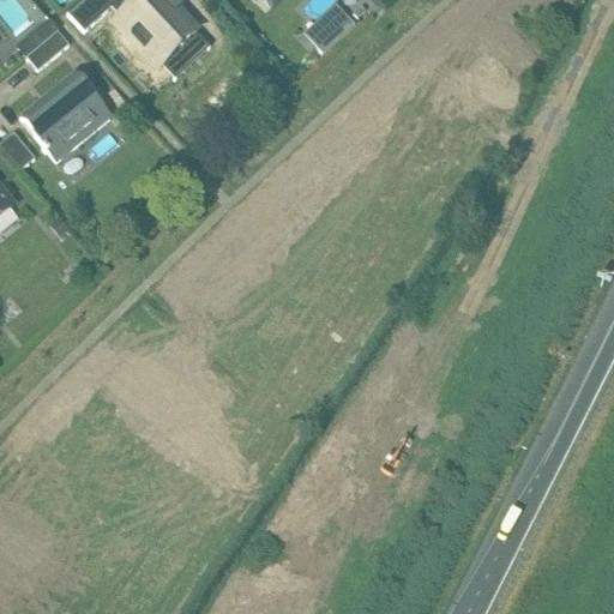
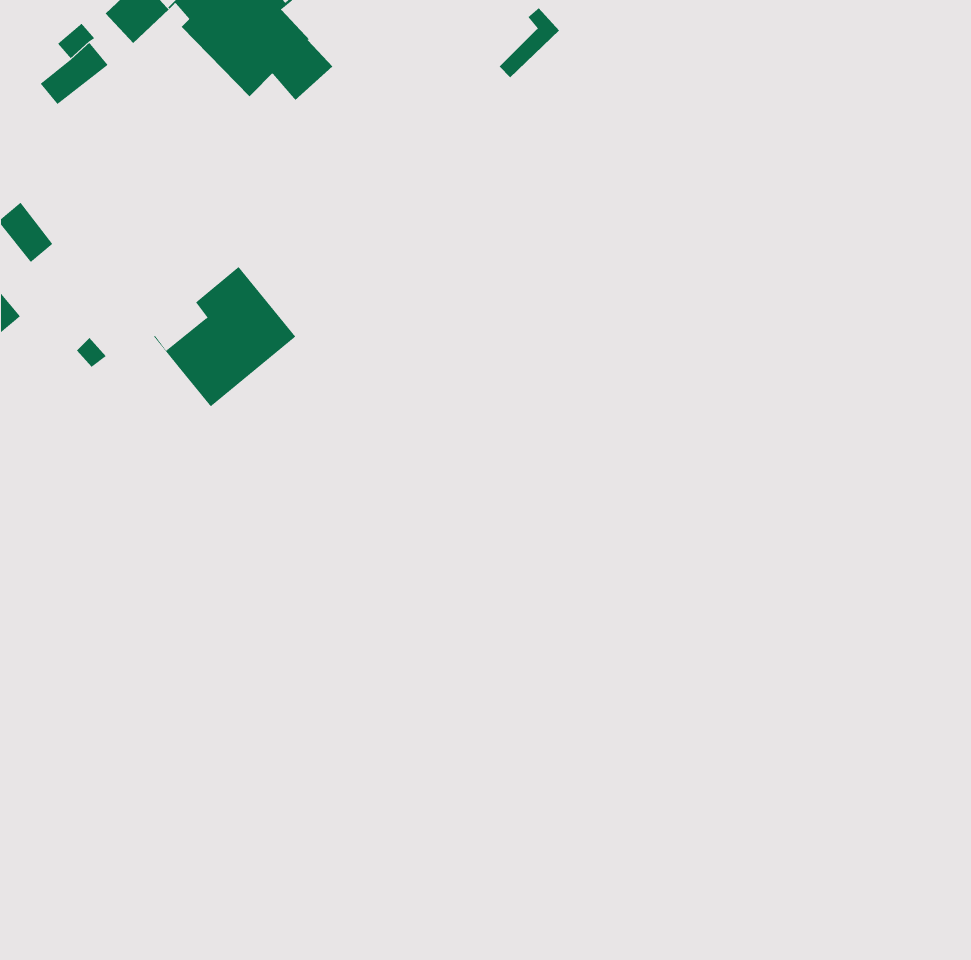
building: [20,68,110,157] -> [153,266,296,407]

